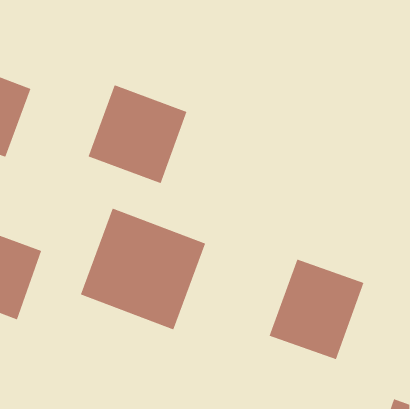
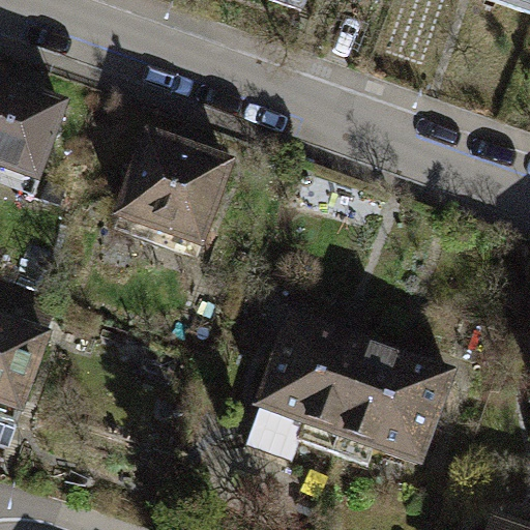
building: [80,208,206,330] -> none
building: none -> [252,311,372,438]

